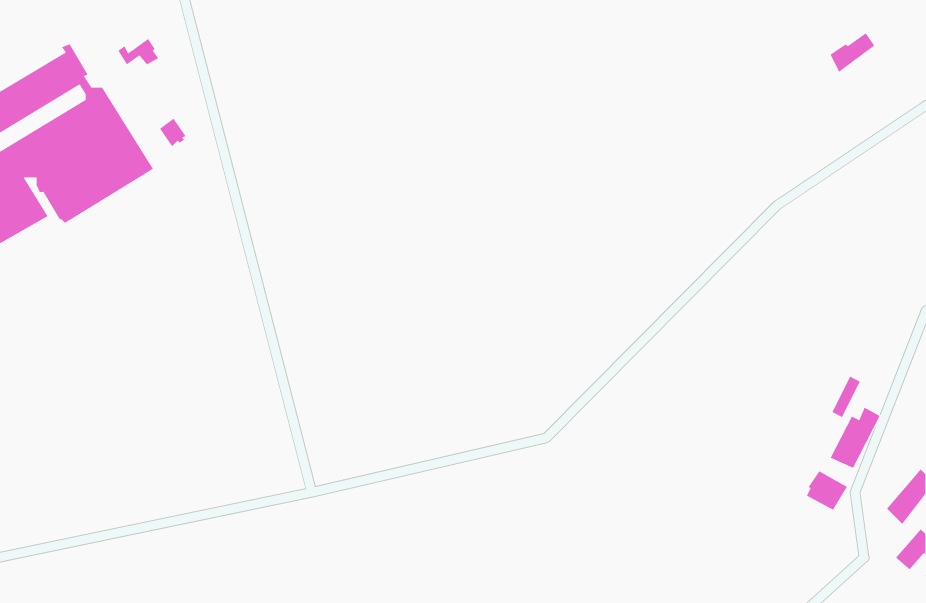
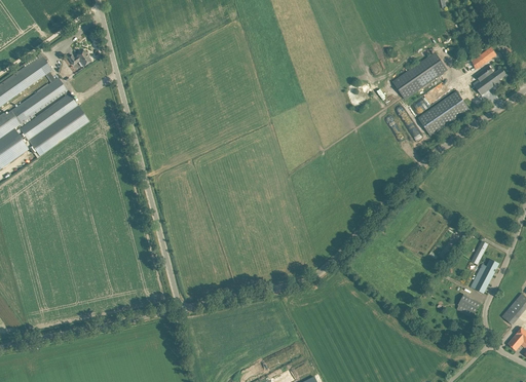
building: none -> [391,51,447,99]
building: none -> [472,65,505,94]
building: none -> [417,90,468,136]

